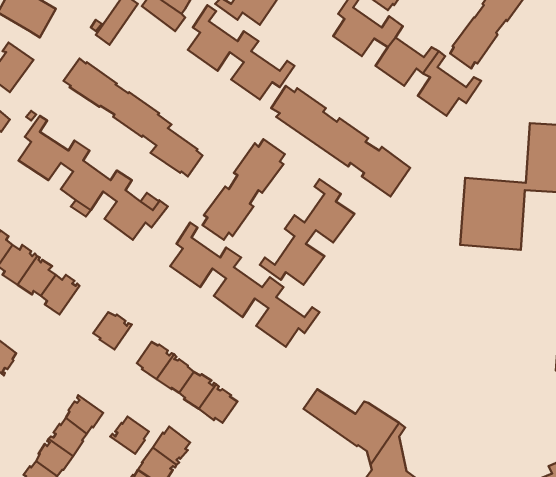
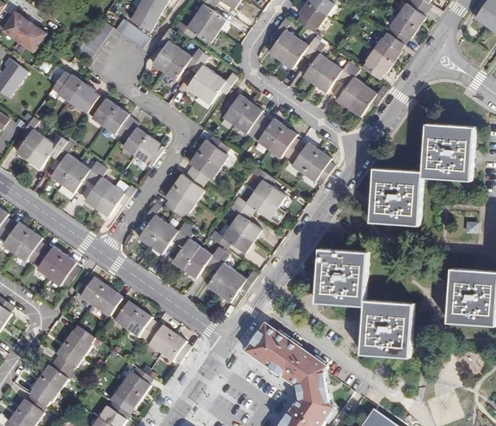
building: none -> [315,231,413,357]
building: none -> [48,254,79,286]
building: none -> [92,285,122,316]
building: none -> [255,325,296,357]
building: [110,416,149,454] -> [63,326,94,356]

